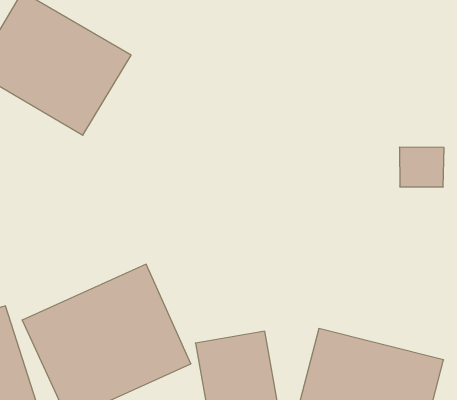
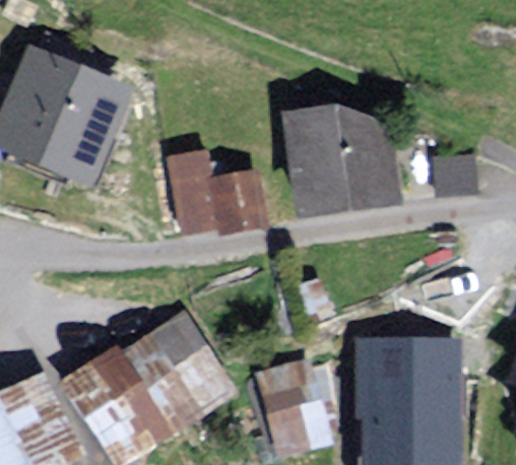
building: none -> [267,102,396,225]
building: none -> [168,149,272,235]

